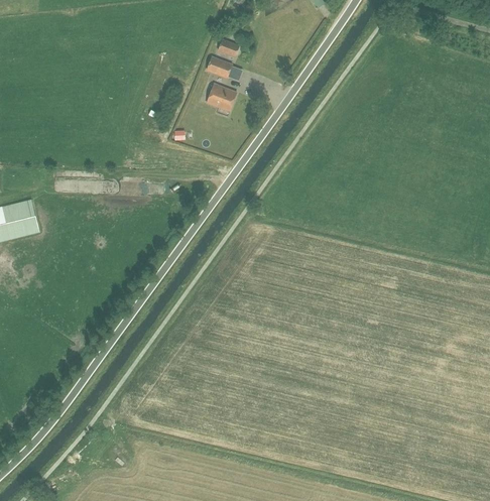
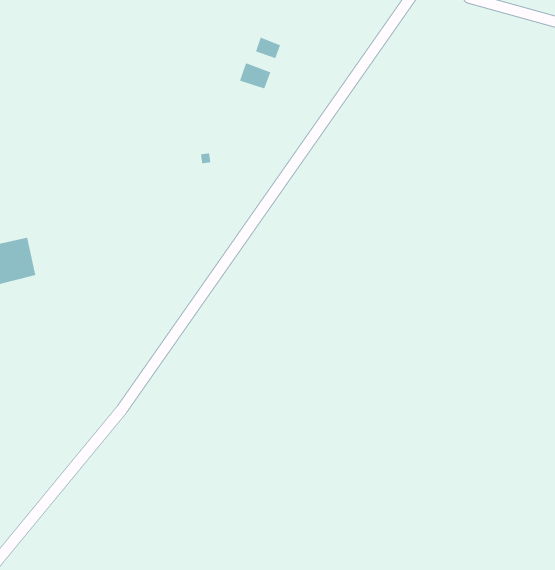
building: [205,85,235,112] -> none

